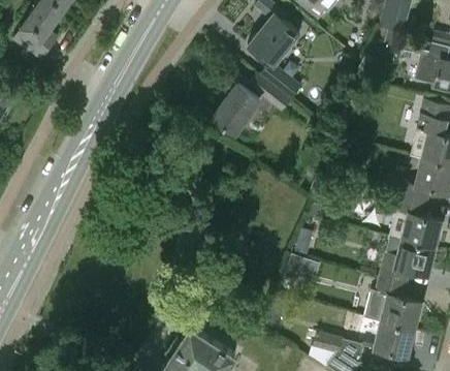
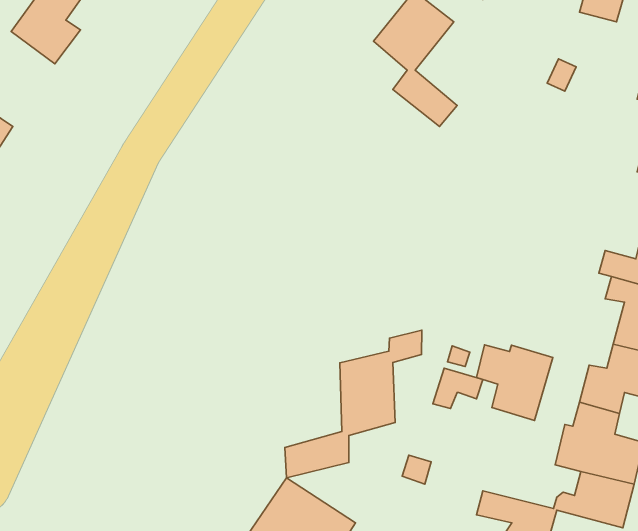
building: [213,70,290,133] -> none
building: none -> [285,330,422,478]
building: none -> [476,345,553,420]

